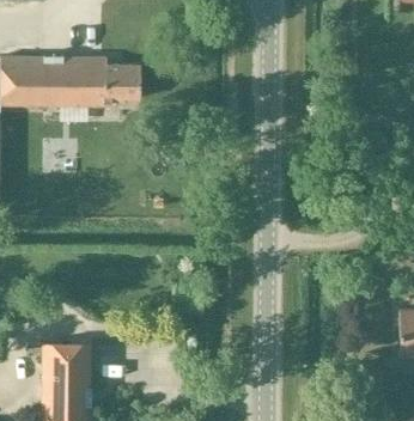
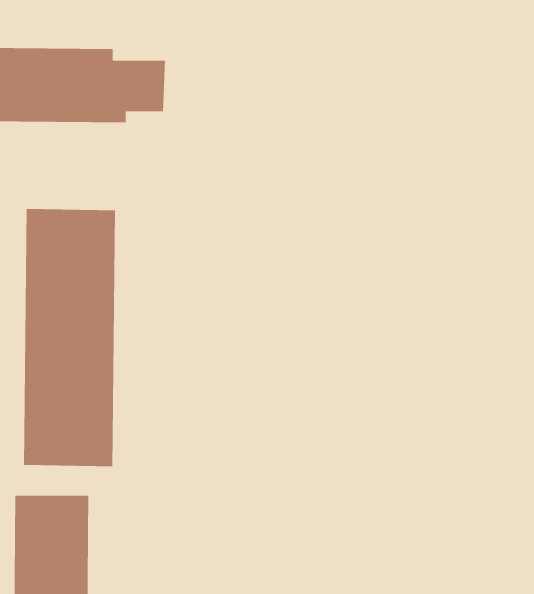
building: none -> [23,208,116,467]

